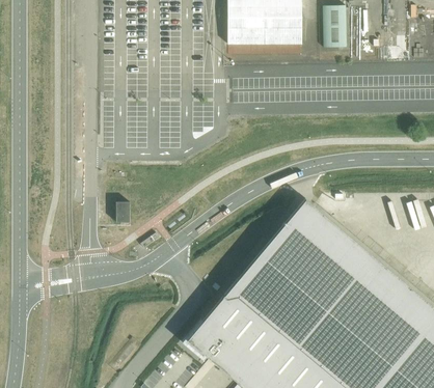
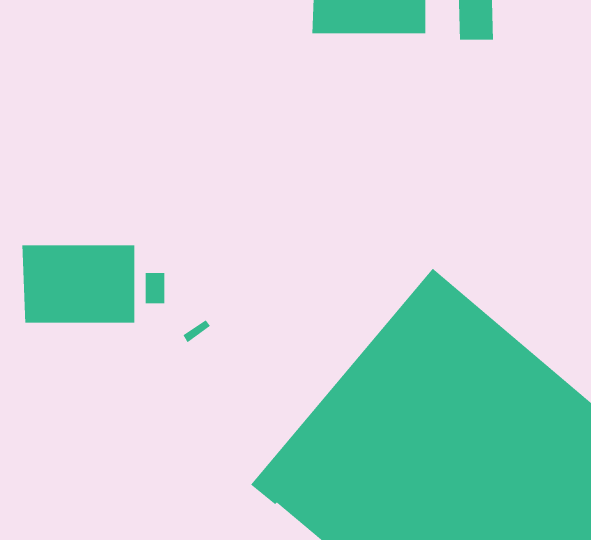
building: none -> [22,244,135,324]

